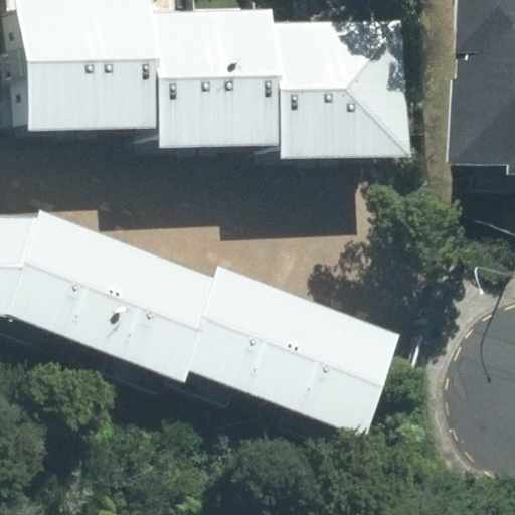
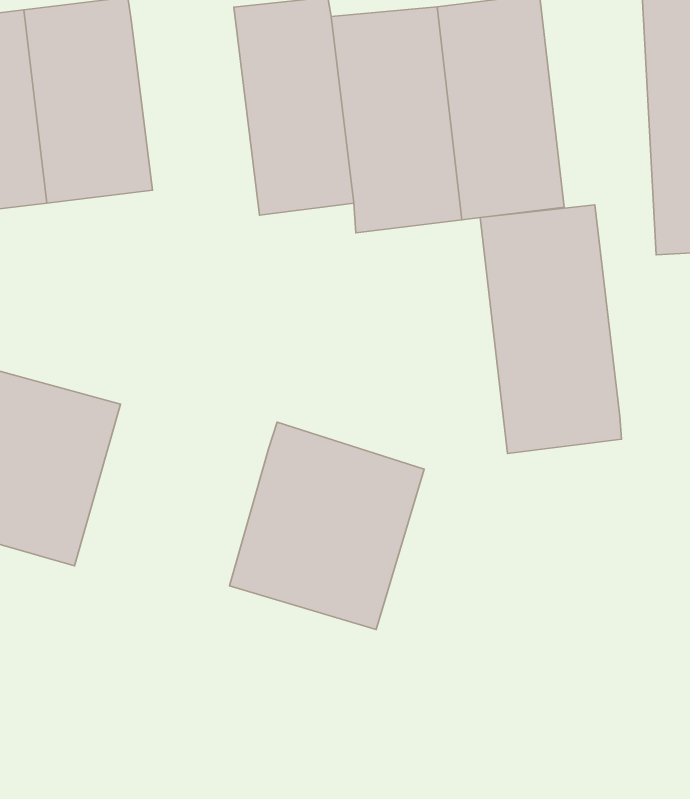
building: [154,15,222,145] -> none
building: none -> [480,205,622,454]
building: [95,249,217,377] -> none
building: [274,303,399,433] -> none

